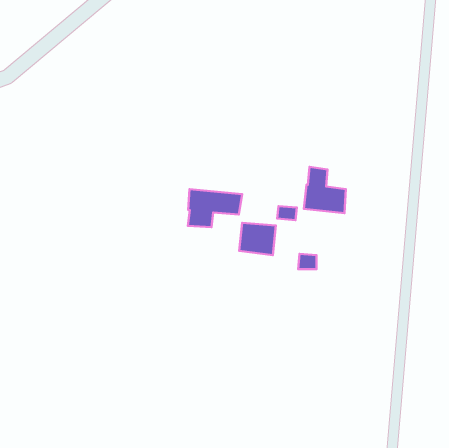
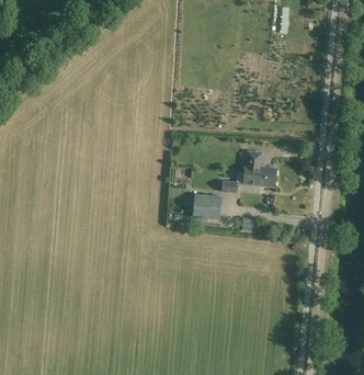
building: [188,189,242,227] -> none

